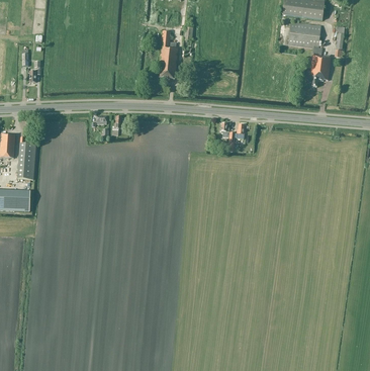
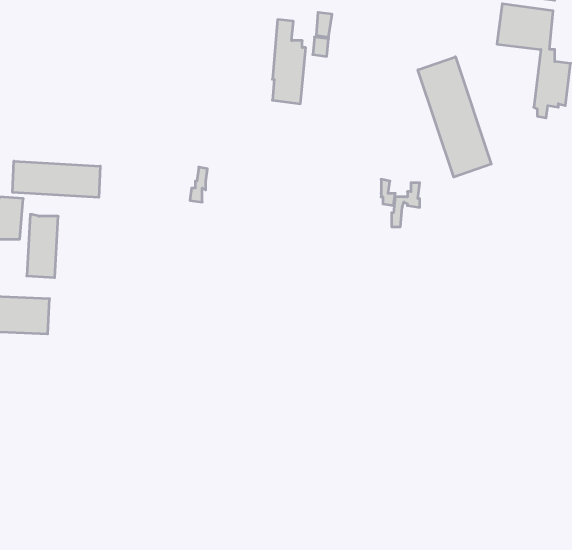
building: none -> [418,57,491,177]
building: none -> [13,161,100,197]

